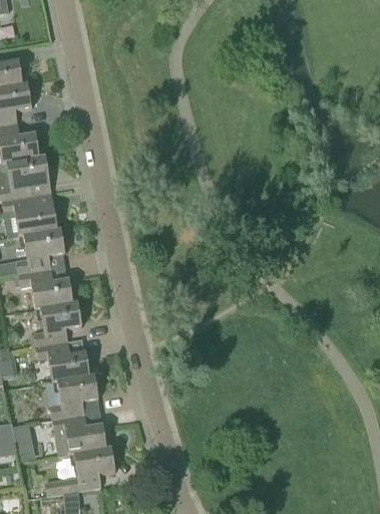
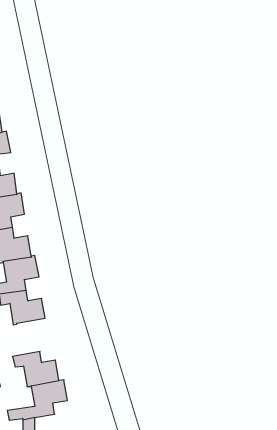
building: [49,374,97,420] -> none

